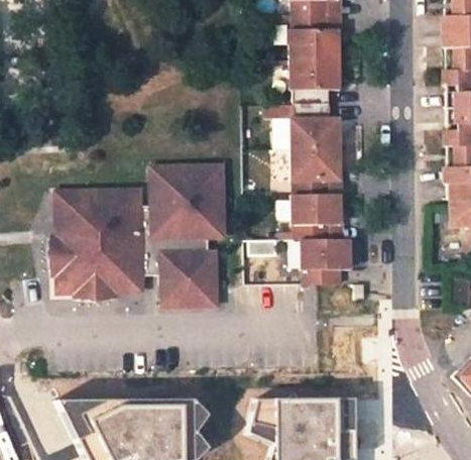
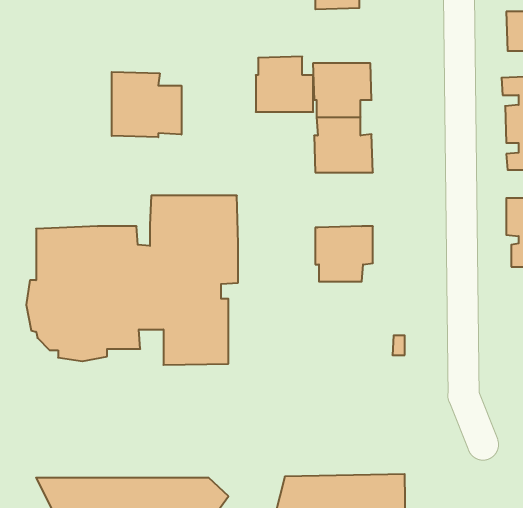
building: [286,13,334,59] -> [256,57,313,112]
building: none -> [112,72,181,137]
building: [288,148,336,194] -> none
building: [298,238,346,283] -> none

